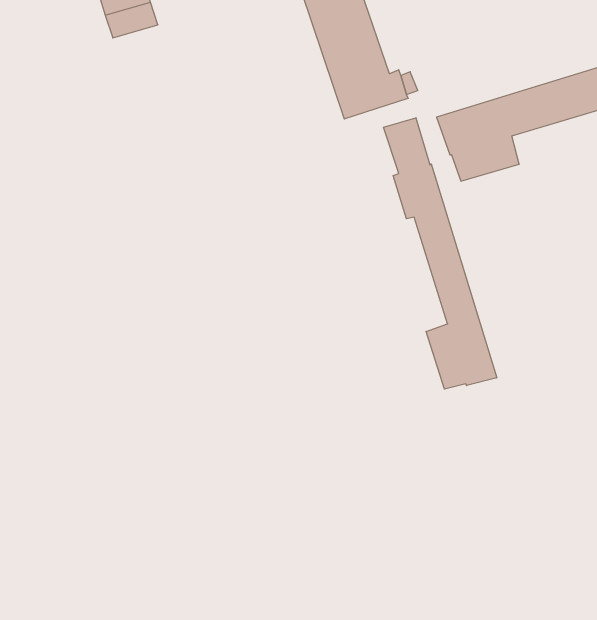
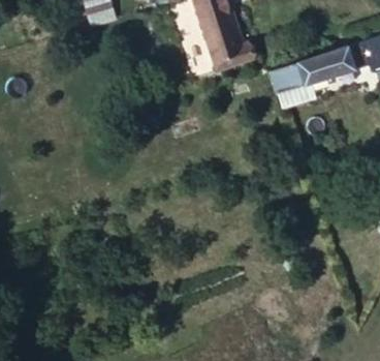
building: [384,118,497,389] -> none

